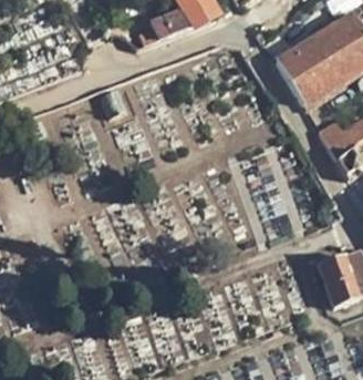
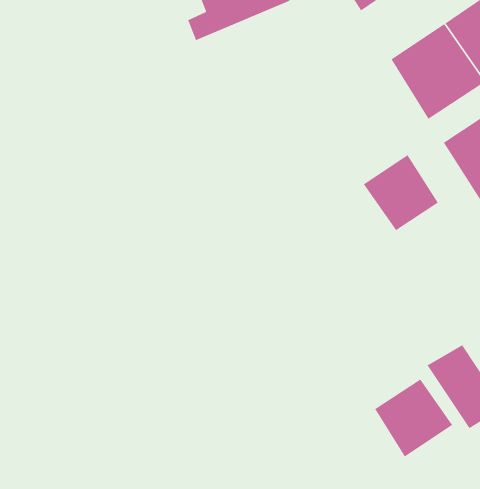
building: none -> [363,154,439,231]
building: none -> [374,378,453,458]

